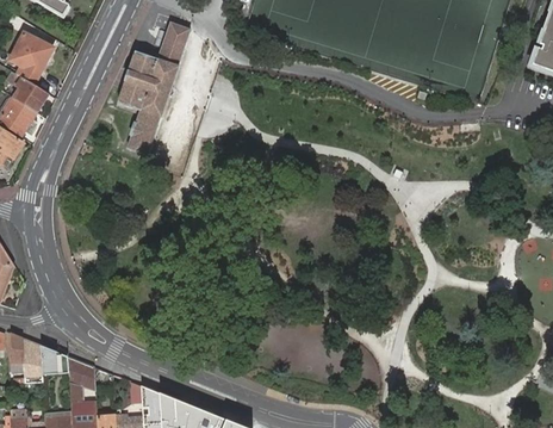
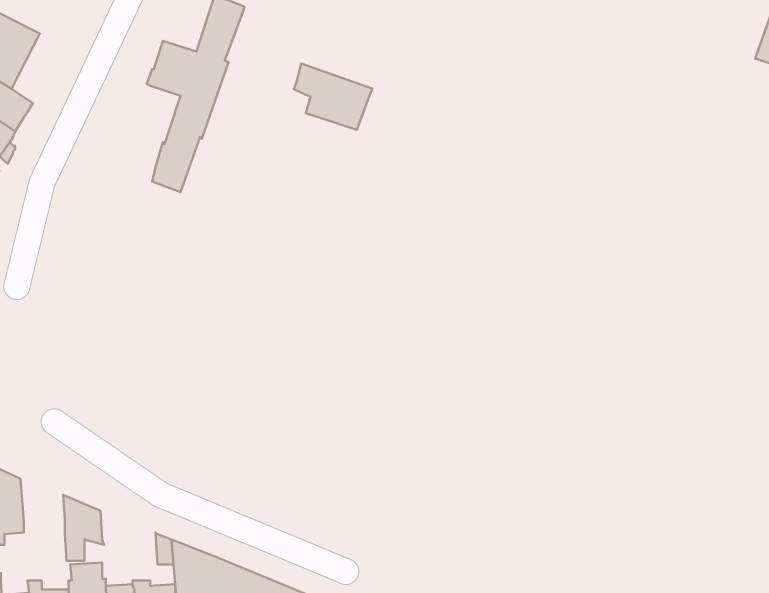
building: none -> [294,64,372,130]
building: [118,81,147,110] -> none
building: [39,345,69,373] -> none

